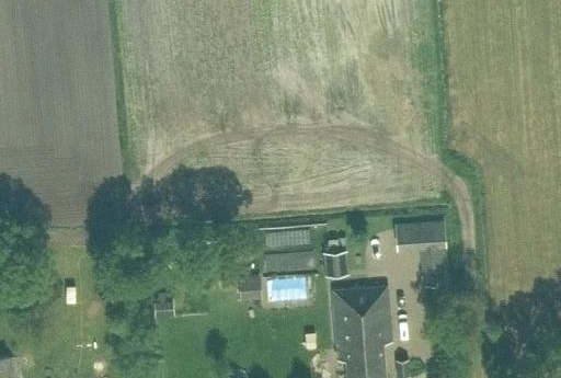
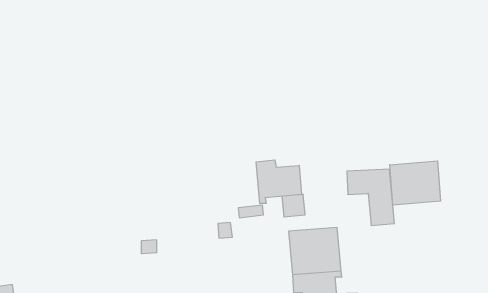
building: none -> [256,160,301,204]
building: none -> [390,161,440,205]

